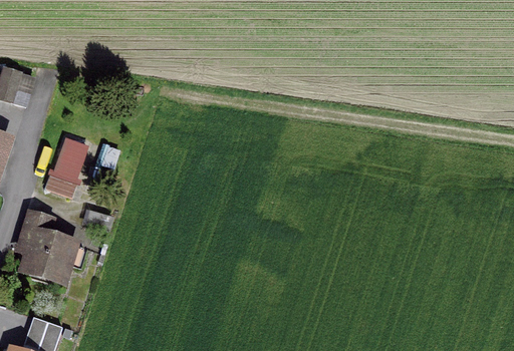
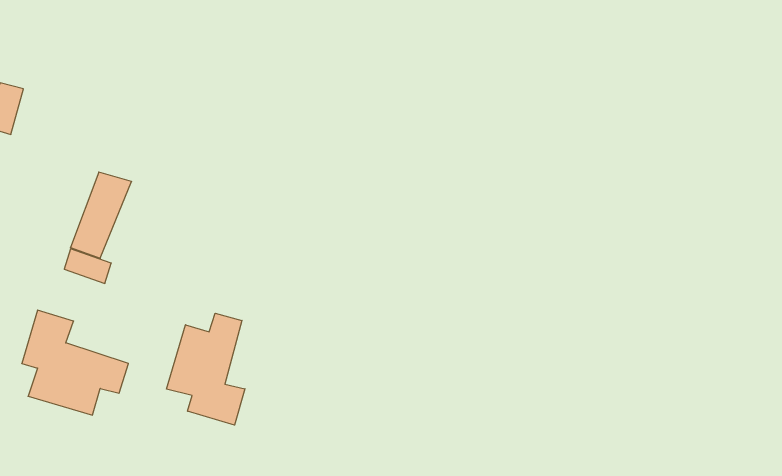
building: none -> [167,313,245,425]

